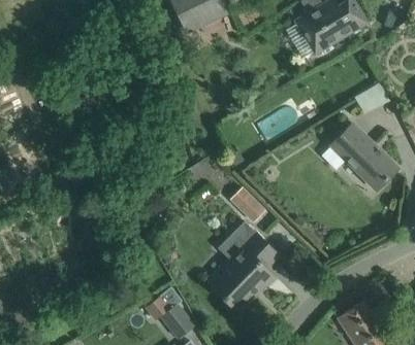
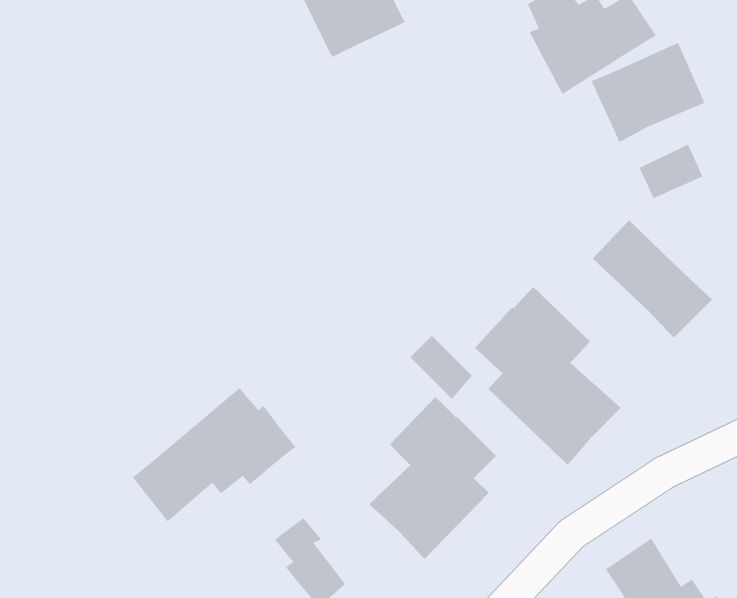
building: none -> [590,42,706,143]
building: none -> [474,286,621,466]
building: none -> [132,387,296,522]

